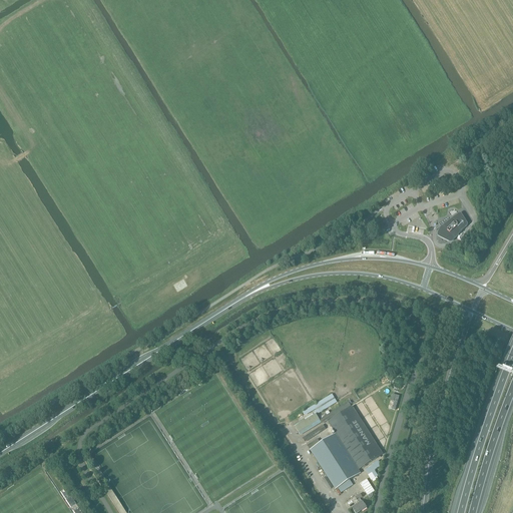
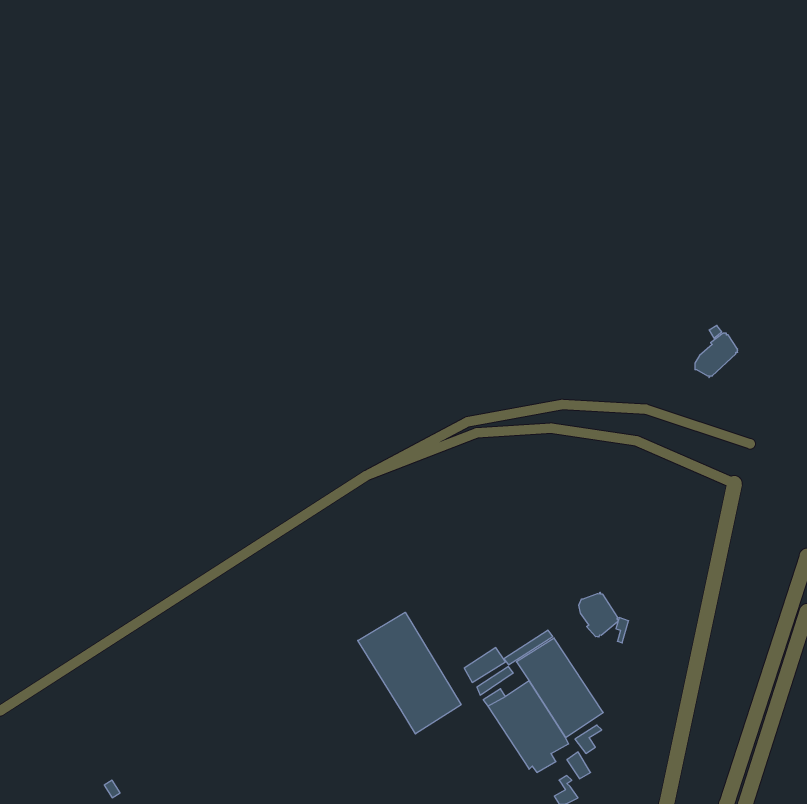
building: none -> [579,592,619,637]
building: none -> [358,612,461,734]

